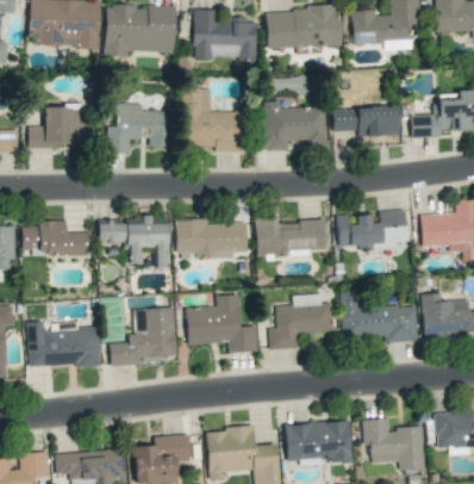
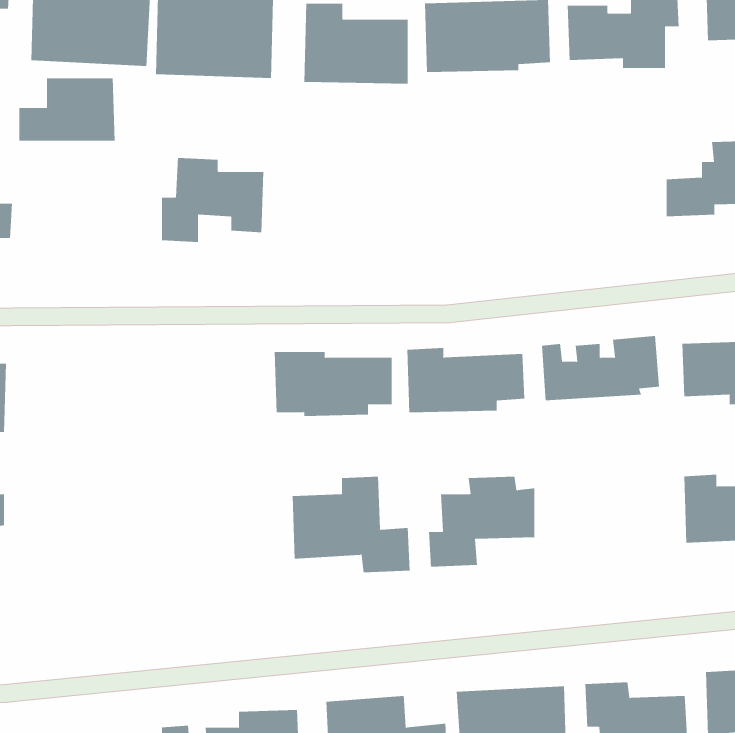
building: [183,88,244,150] -> none
building: [262,103,326,150] -> none
building: [332,106,400,136] -> none
building: [27,108,86,147] -> [19,78,116,141]
building: [98,218,168,268] -> none
building: [21,221,89,254] -> none
building: [341,291,418,342] -> none
building: [108,308,176,366] -> none
building: [26,321,100,367] -> none

